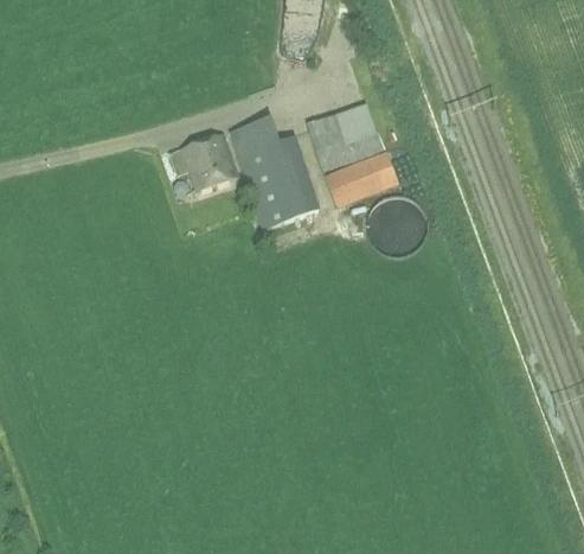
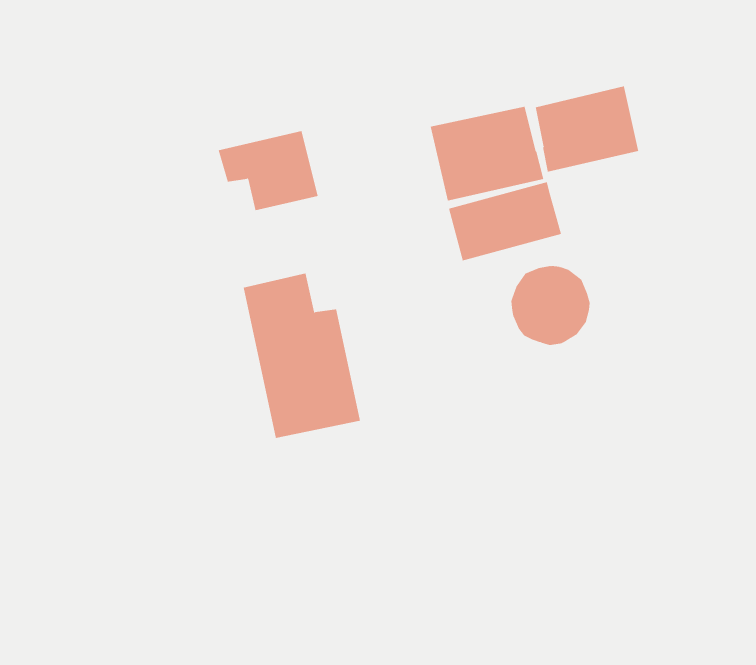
building: none -> [535,86,639,172]
building: [230,117,316,228] -> [243,273,361,439]

